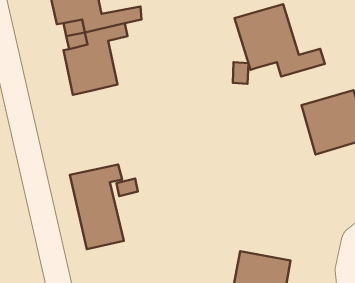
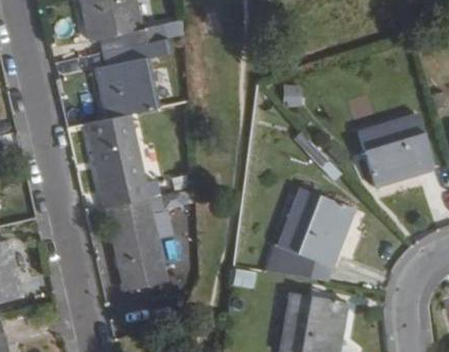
building: [235,4,325,76] -> none
building: none -> [85,115,158,207]
building: none -> [276,188,357,279]

